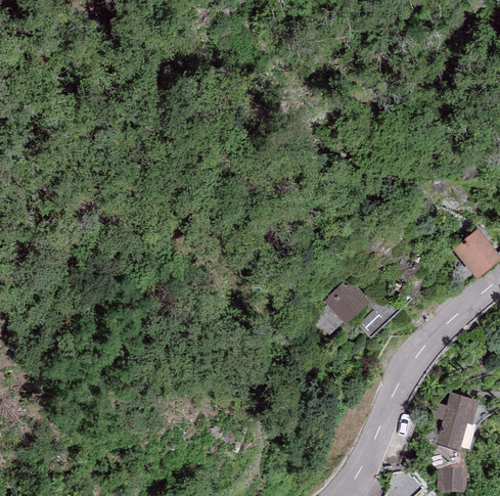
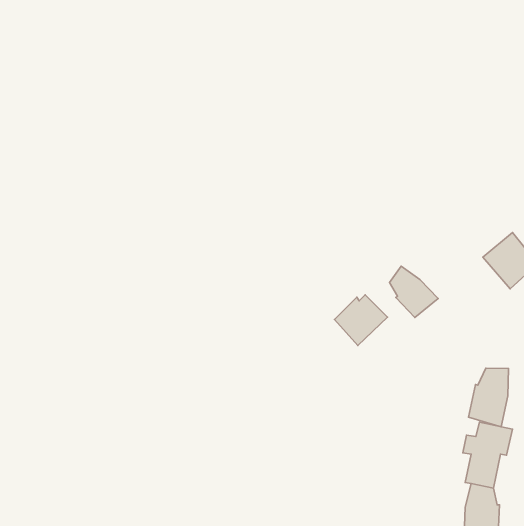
building: none -> [389,266,438,318]
building: none -> [469,368,509,427]

